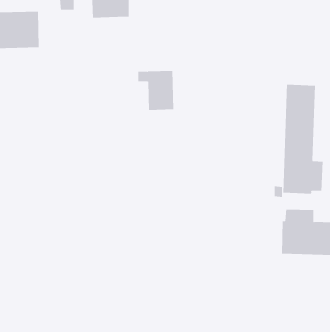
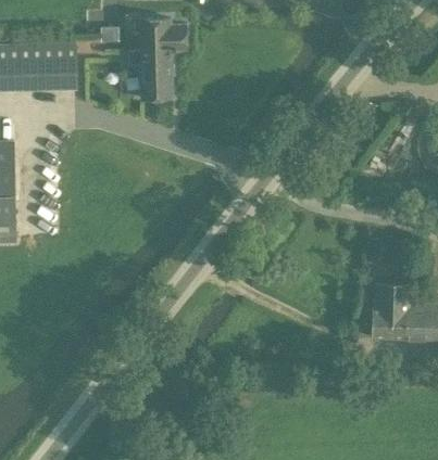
building: [138,70,174,110] -> [128,50,173,99]
building: [283,84,323,194] -> none

